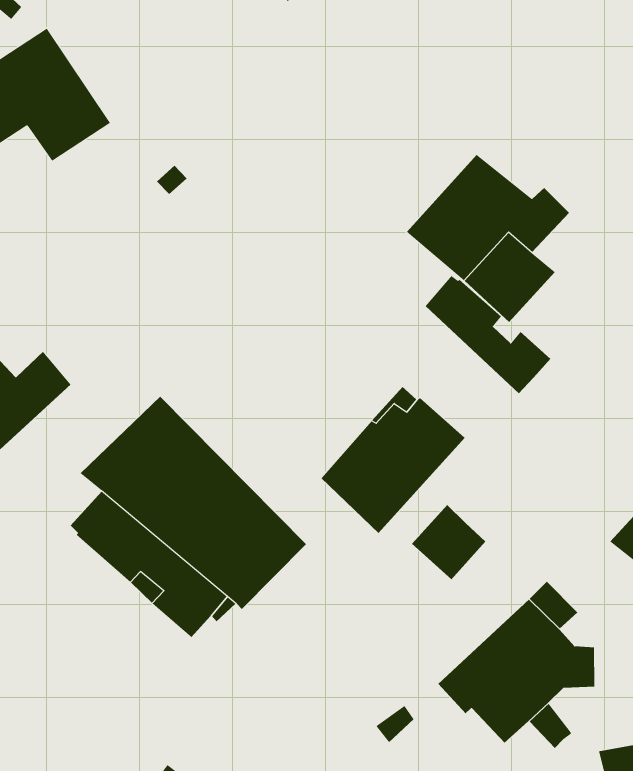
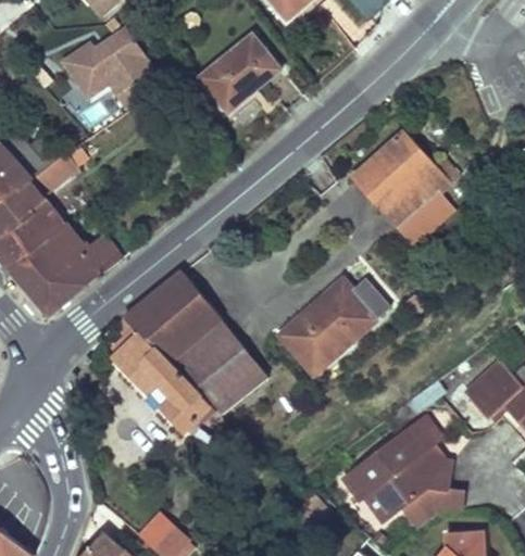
building: none -> [200,35,279,112]
building: [425,275,551,394] -> none
building: [411,504,486,580] -> none
building: none -> [415,488,460,517]

